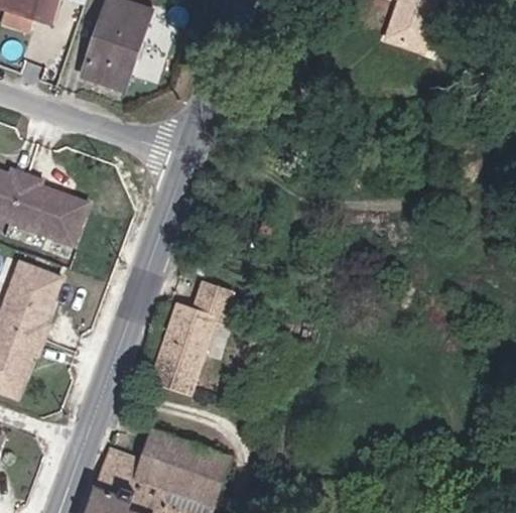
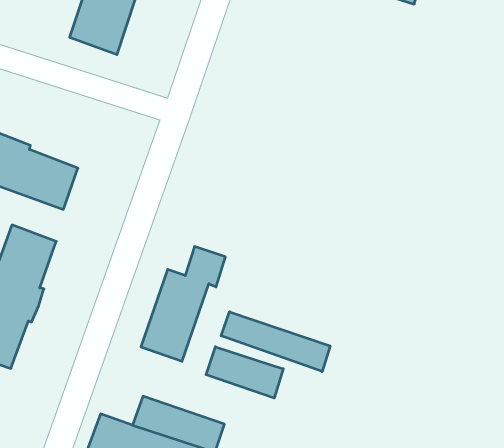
building: none -> [221,312,330,372]
building: none -> [206,347,283,398]

